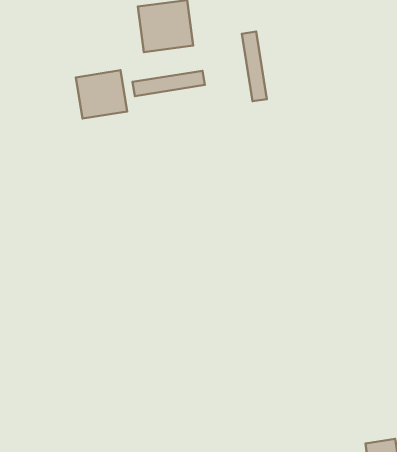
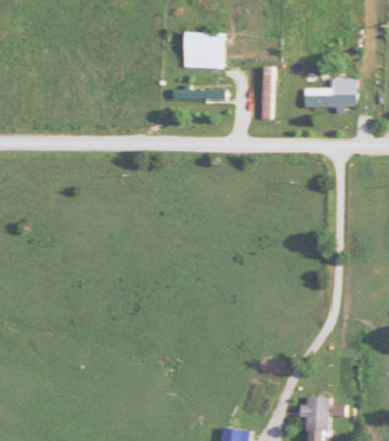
building: none -> [302,78,357,109]
building: [76,70,127,119] -> none

